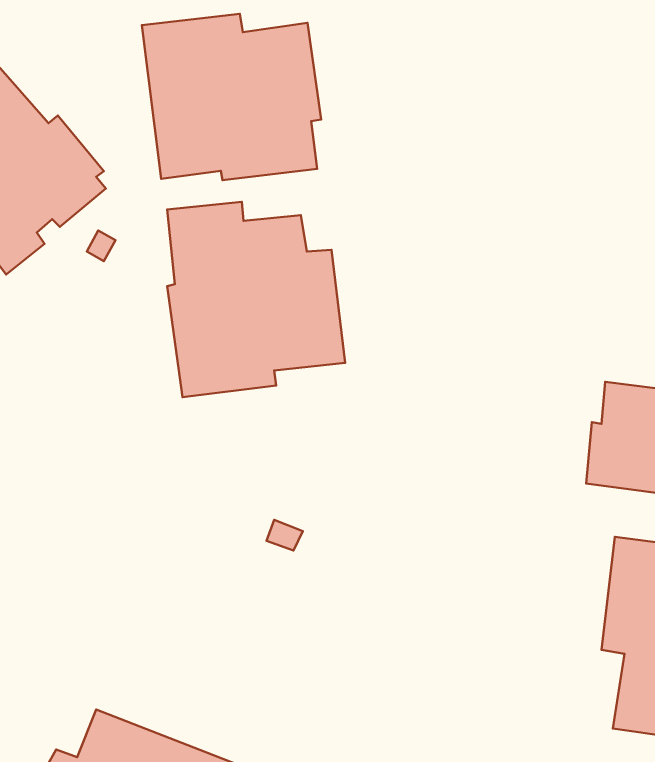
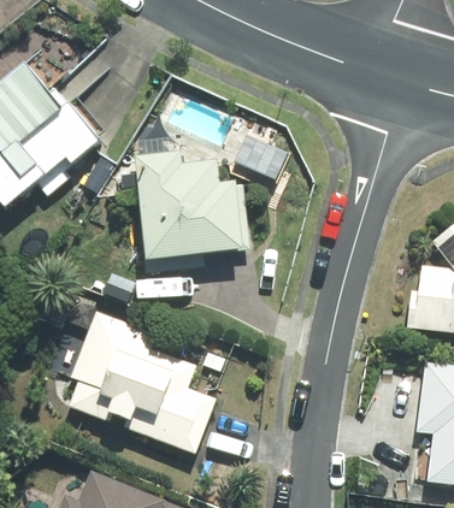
building: [142,14,321,180] -> none
building: none -> [71,309,220,456]

